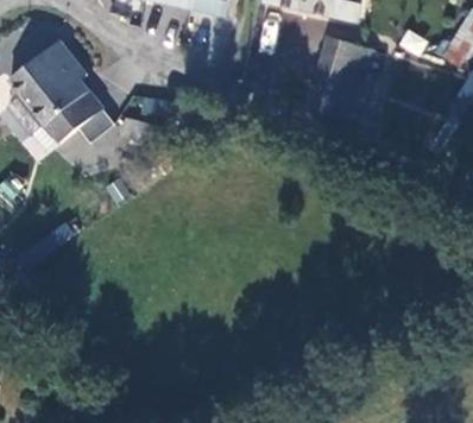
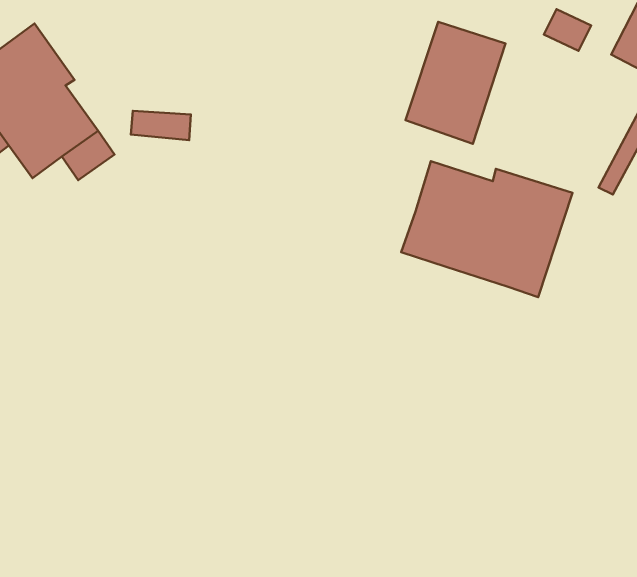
building: none -> [401,161,573,297]

